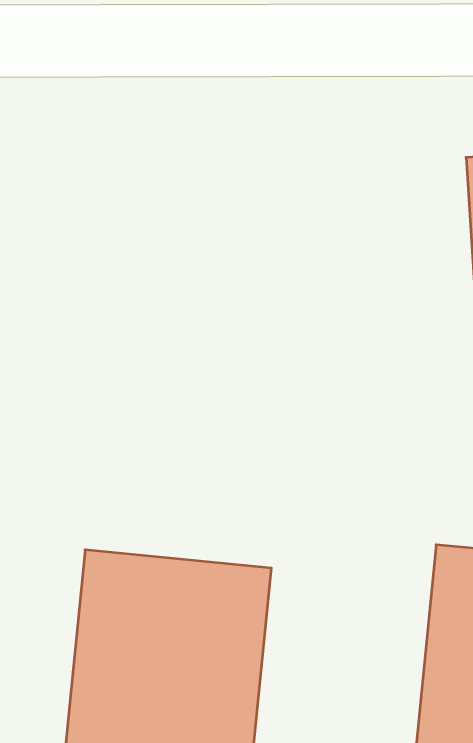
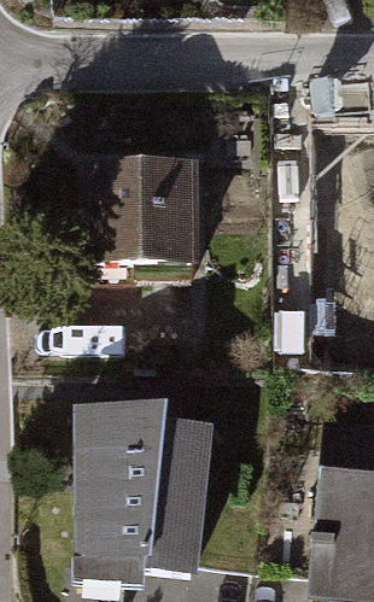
building: none -> [81,171,200,286]

